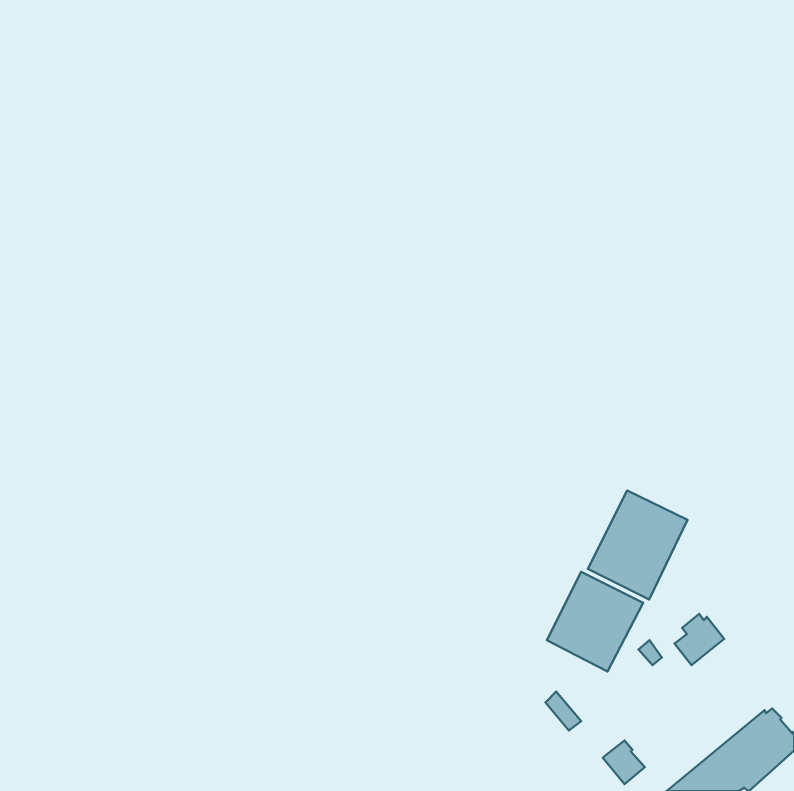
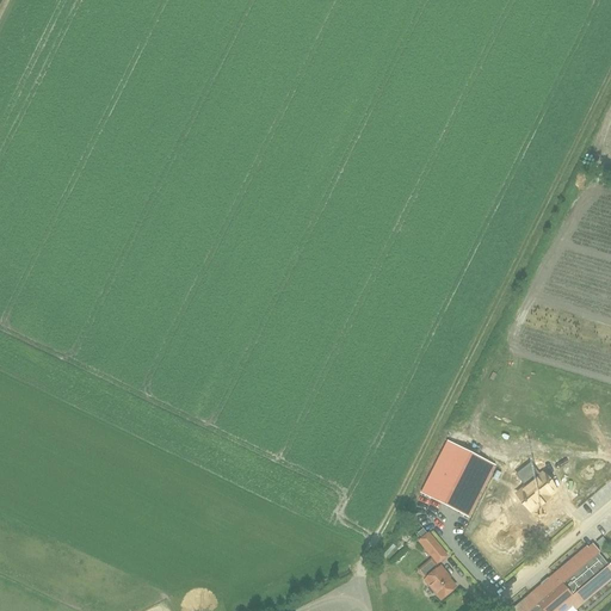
building: [588,490,687,599] -> none
building: [603,741,645,784] -> [424,564,456,598]

